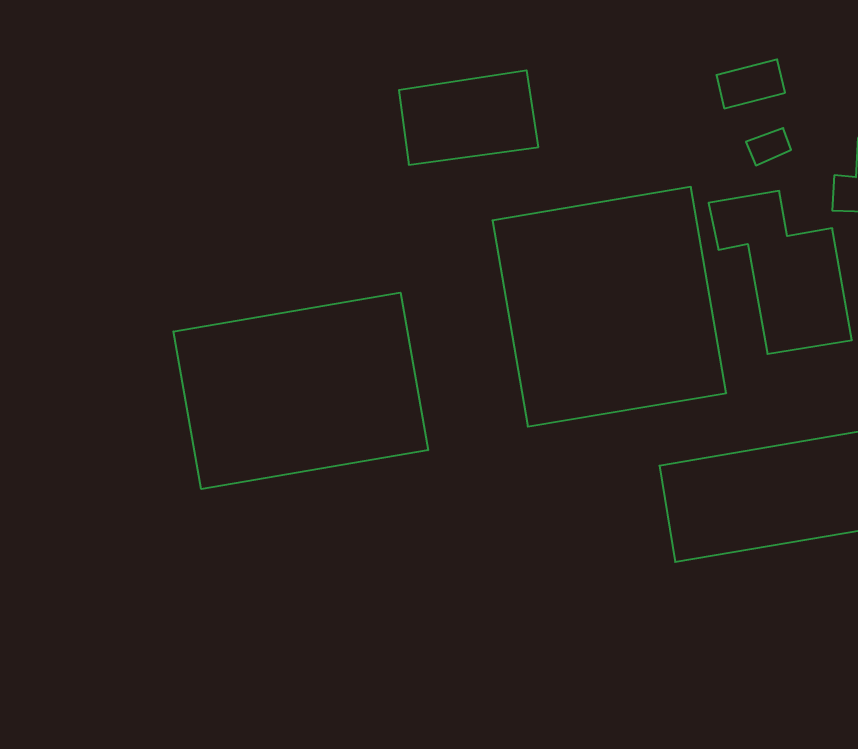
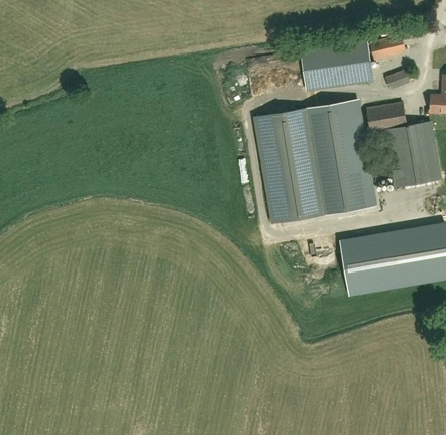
building: [399,70,538,165] -> [301,40,372,89]
building: [173,293,428,489] -> none

